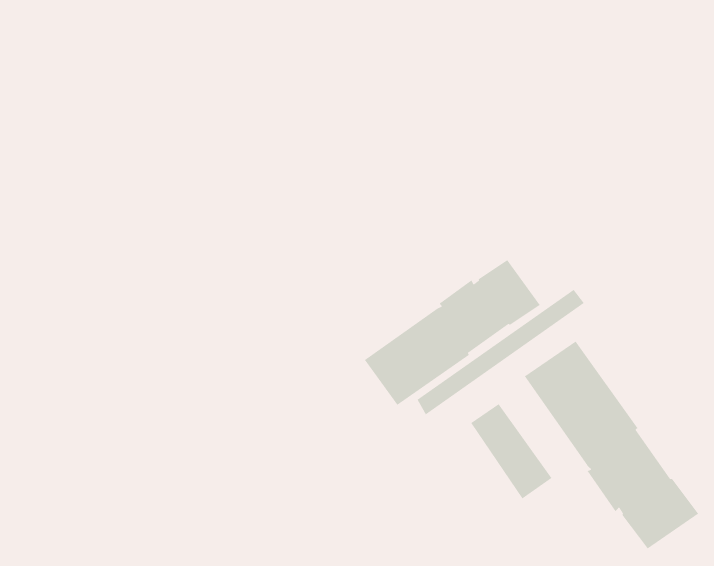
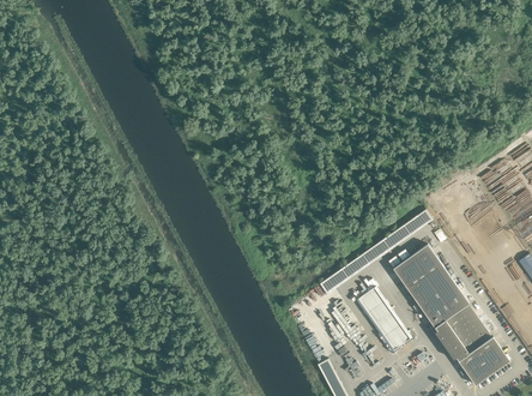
building: [364,259,541,406] -> none

